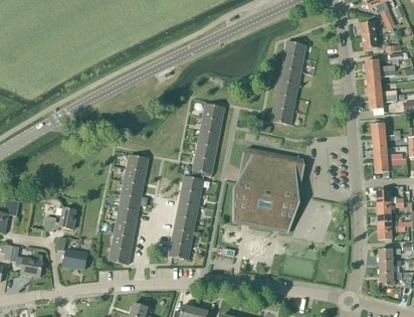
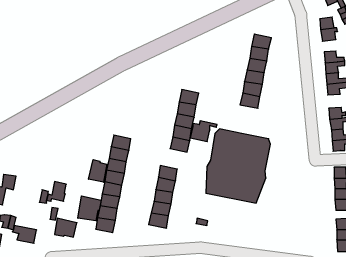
building: [181,170,211,193] -> [190,121,217,142]
building: none -> [89,160,107,182]
building: none -> [78,196,101,221]

